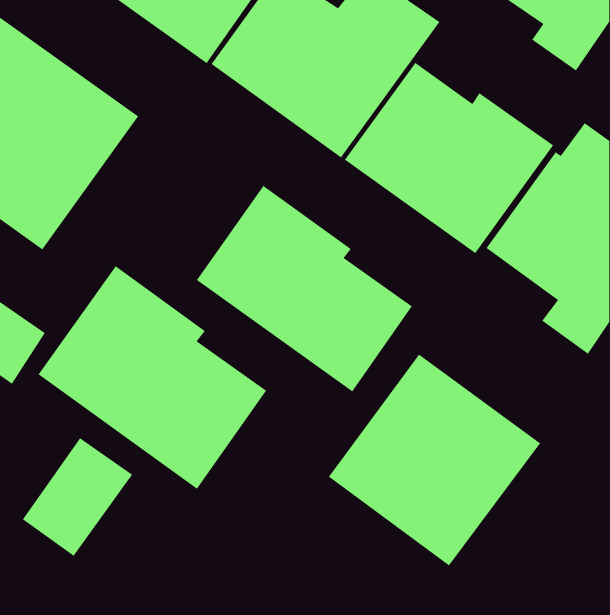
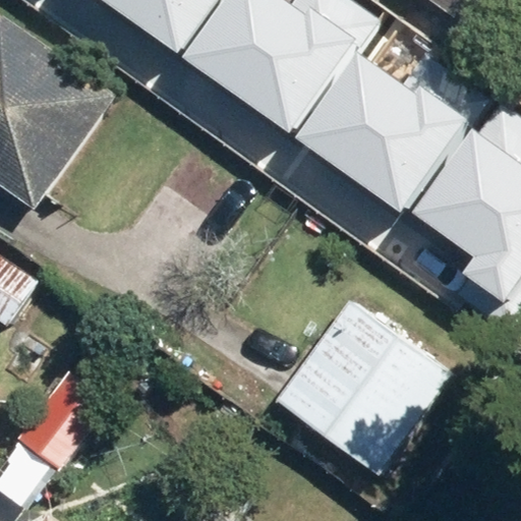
building: [196,185,413,392] -> none
building: [38,265,267,490] -> none

